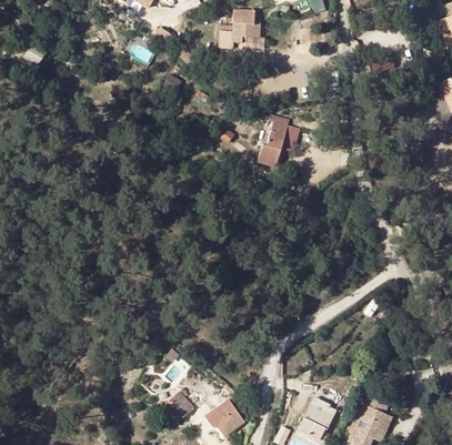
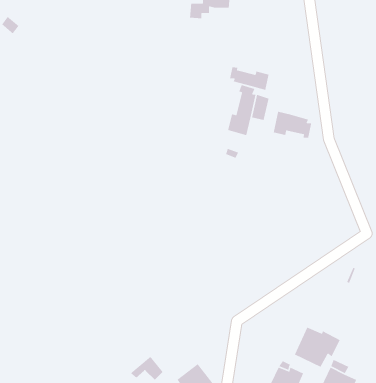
building: none -> [229,67,270,91]
building: none -> [273,111,312,139]
building: none -> [294,326,341,368]

